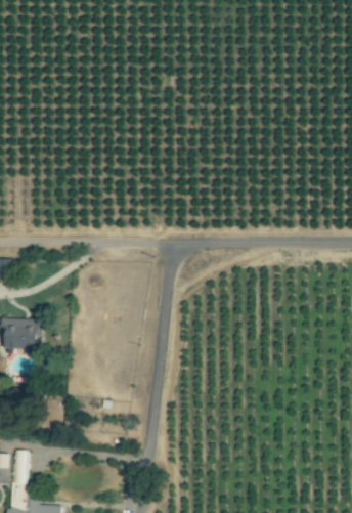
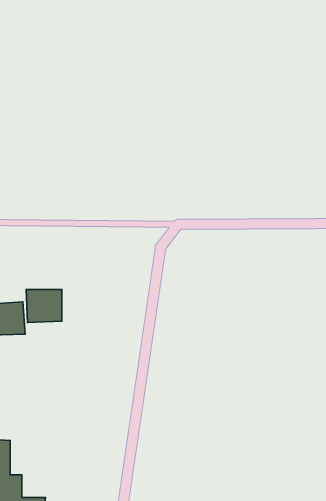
building: none -> [26,289,62,322]

